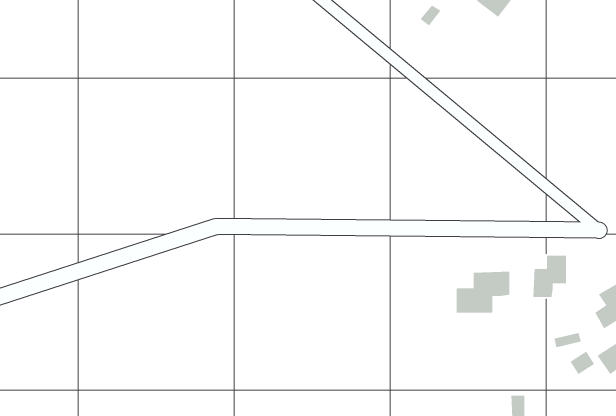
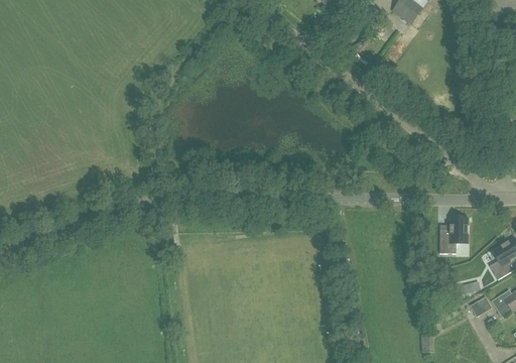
building: [456,271,510,314] -> none

